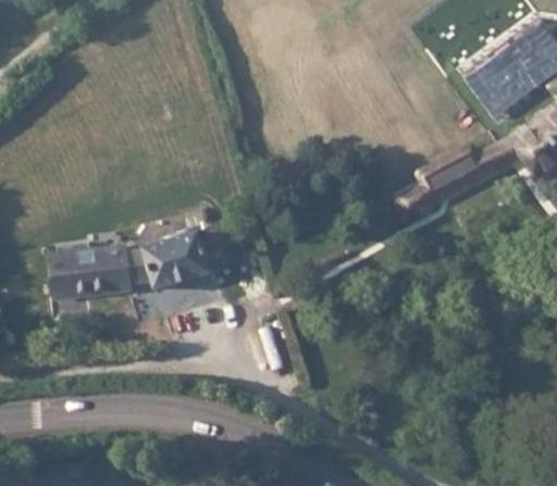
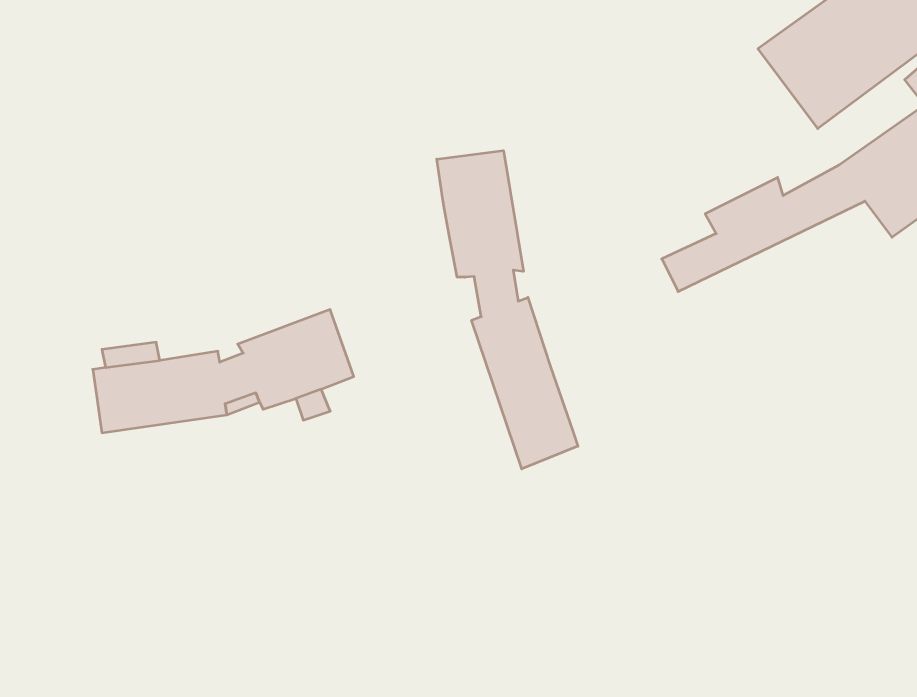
building: none -> [437,151,578,469]

